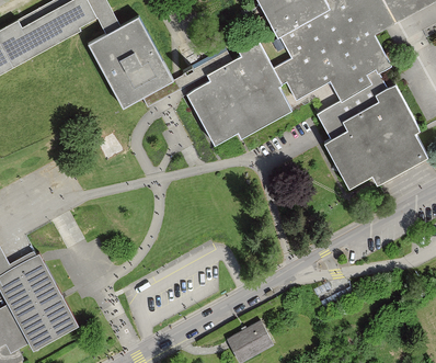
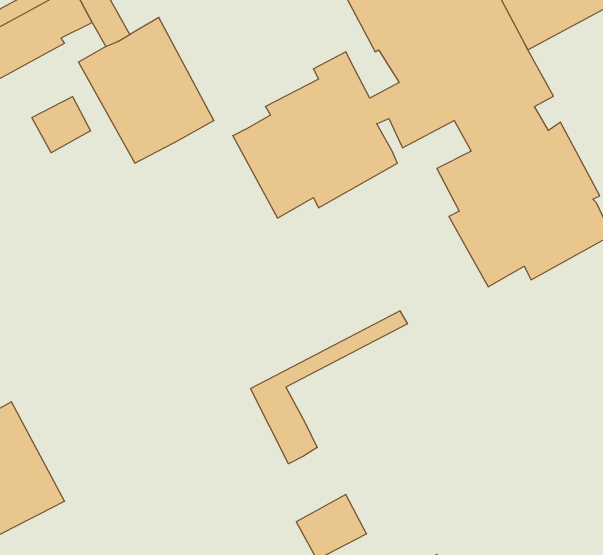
building: none -> [32,97,91,153]
building: none -> [251,311,407,464]

